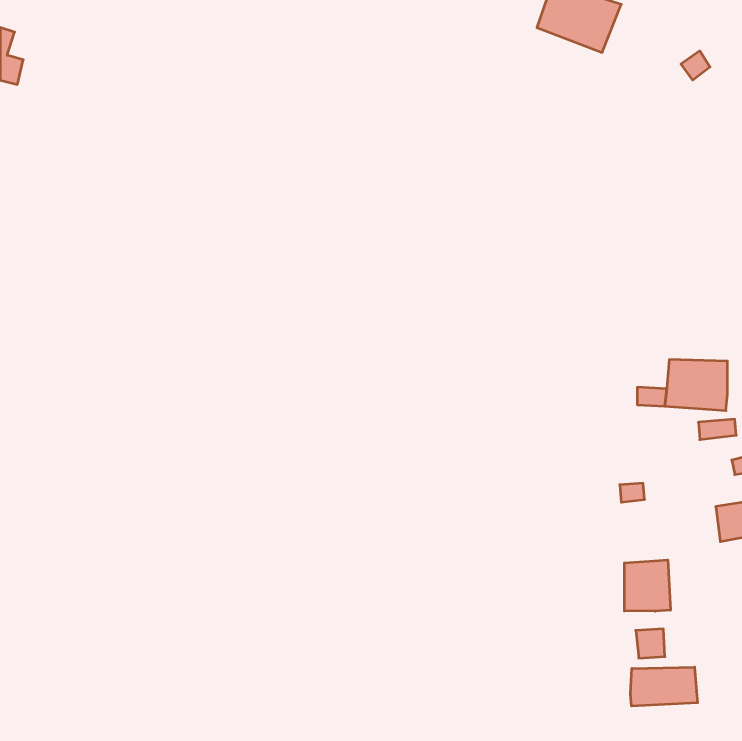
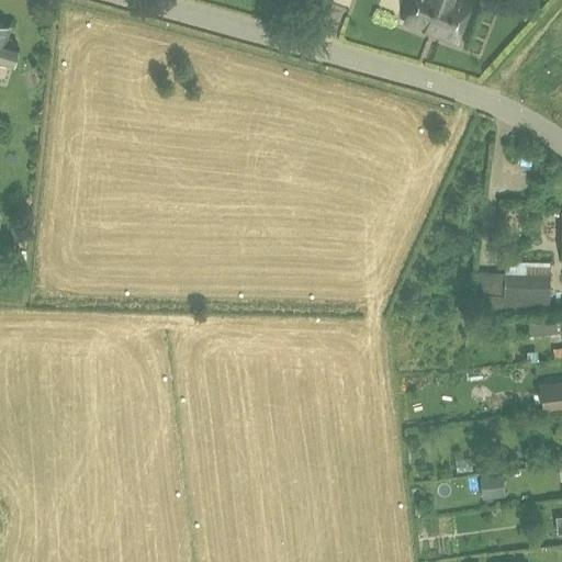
building: [624,560,670,611] -> none
building: [631,667,698,706] -> none

